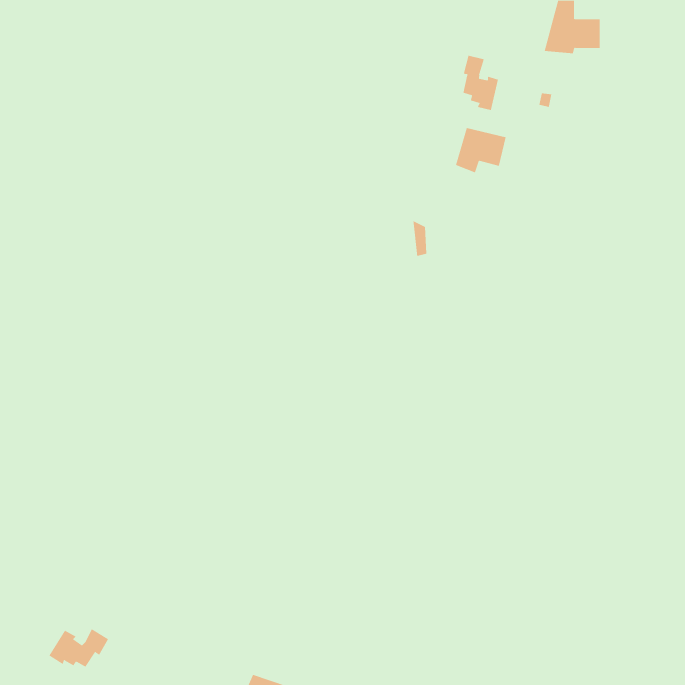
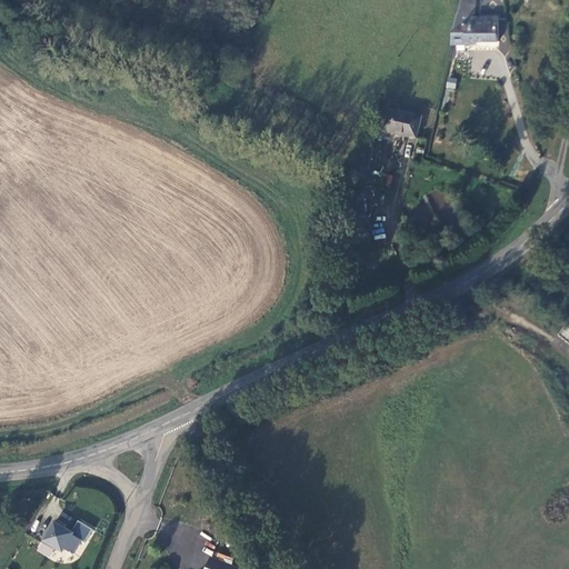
building: [463,55,499,111] -> none

